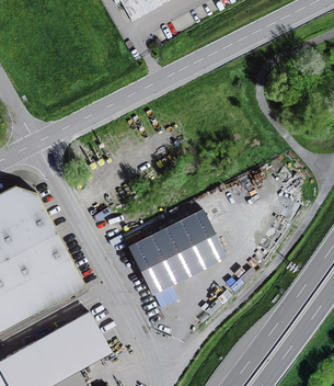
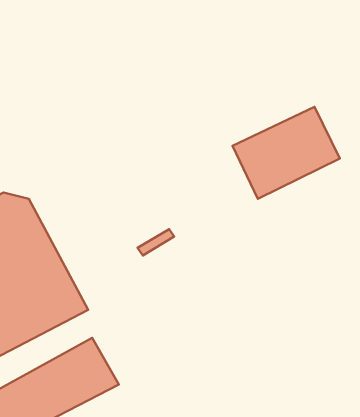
building: [134,213,227,293] -> [232,107,340,199]

